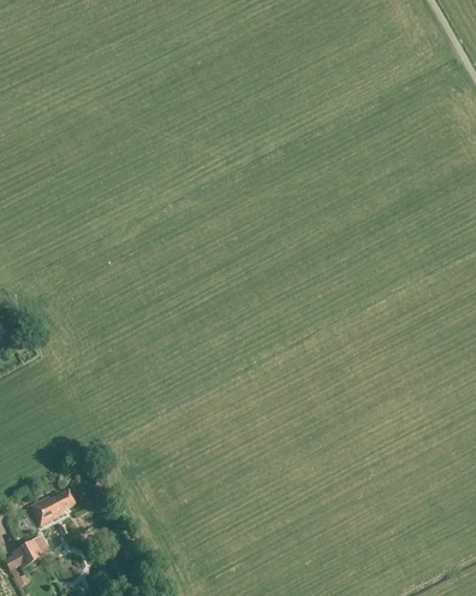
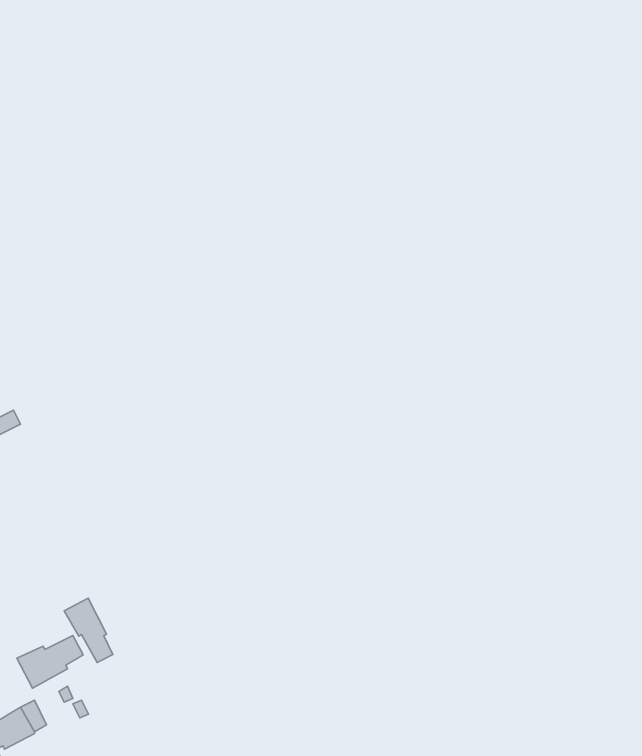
building: none -> [64,598,113,663]

